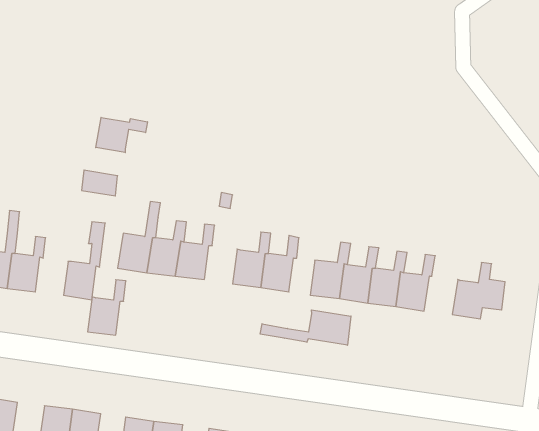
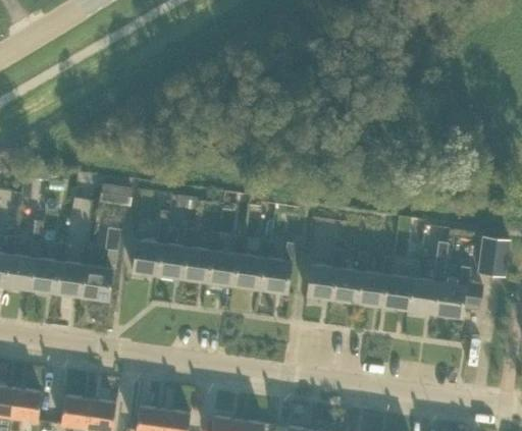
building: [96,117,147,153] -> none
building: none -> [210,234,245,285]
building: none -> [477,236,509,275]
building: none -> [409,240,448,313]
building: [88,280,126,335] -> [57,246,92,295]
building: [260,310,351,345] -> none

